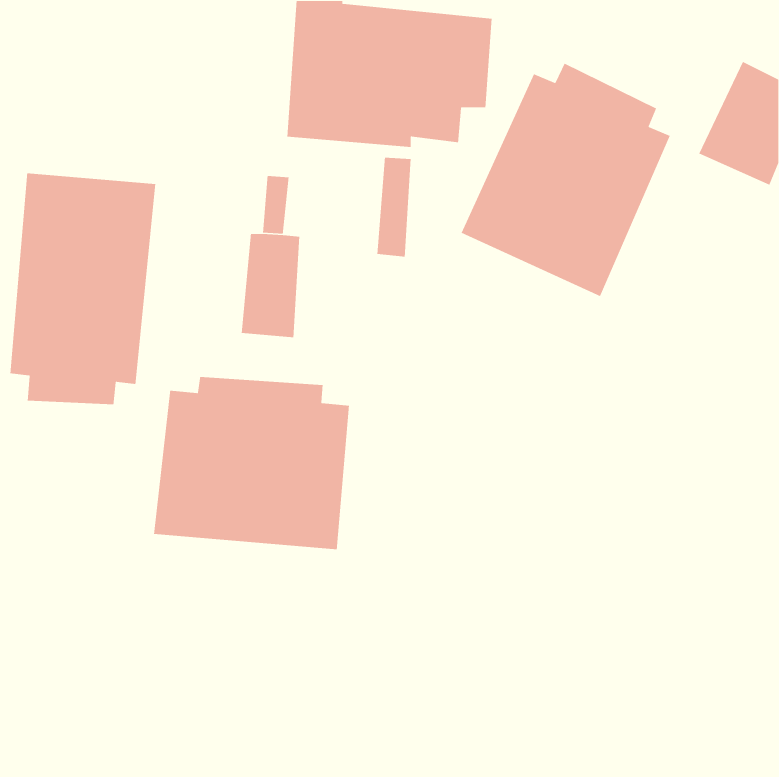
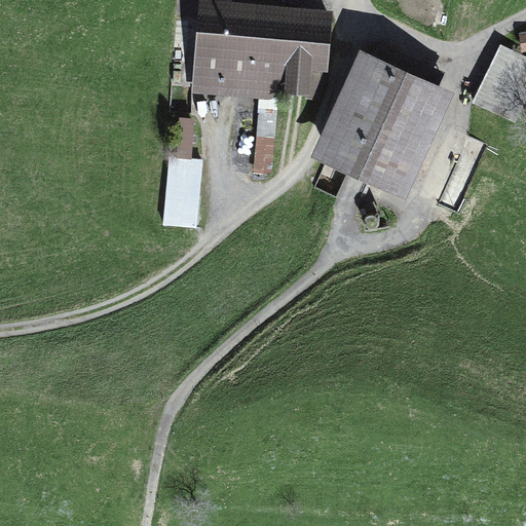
building: [9,173,156,405] -> none
building: [153,376,350,550] -> none

